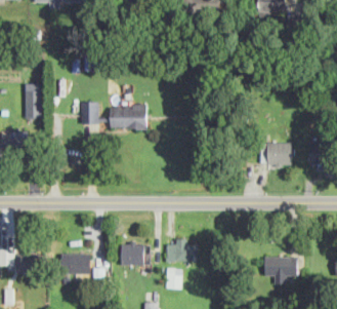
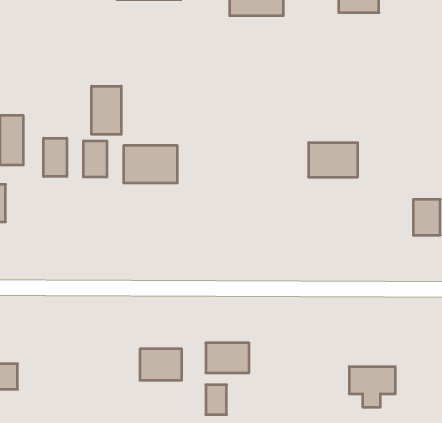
building: none -> [92,86,121,134]
building: none -> [44,138,67,177]
building: [259,143,293,166] -> [308,143,358,177]
building: [61,255,90,275] -> none

